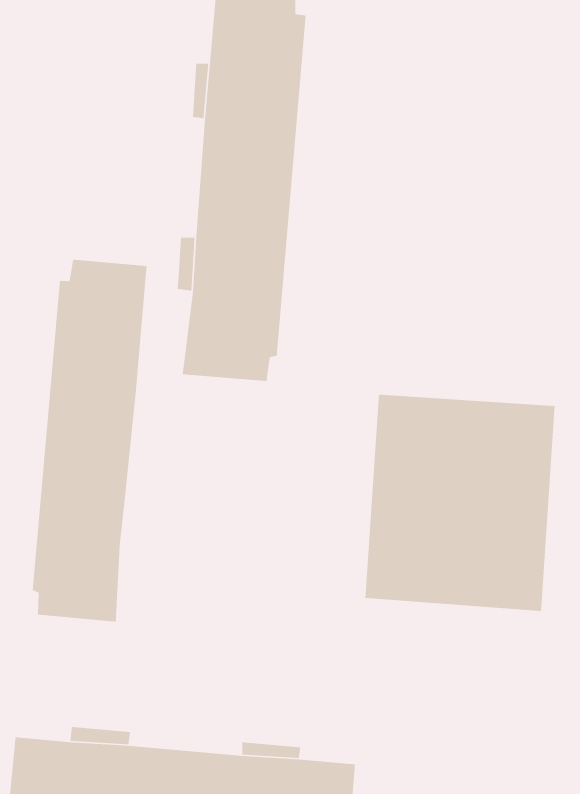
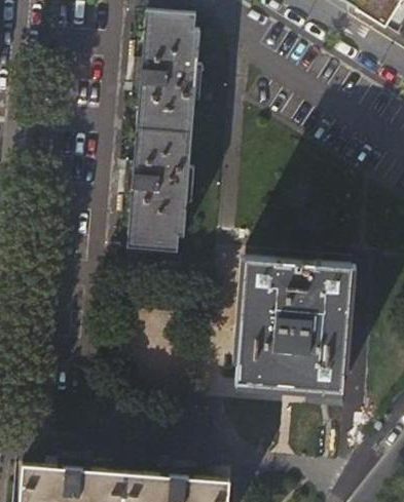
building: [32,259,147,622] -> none

